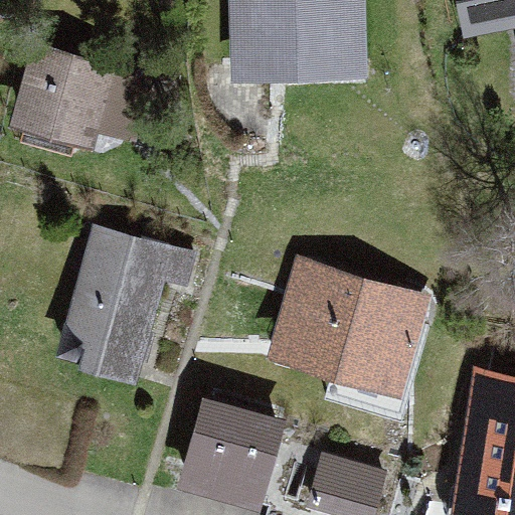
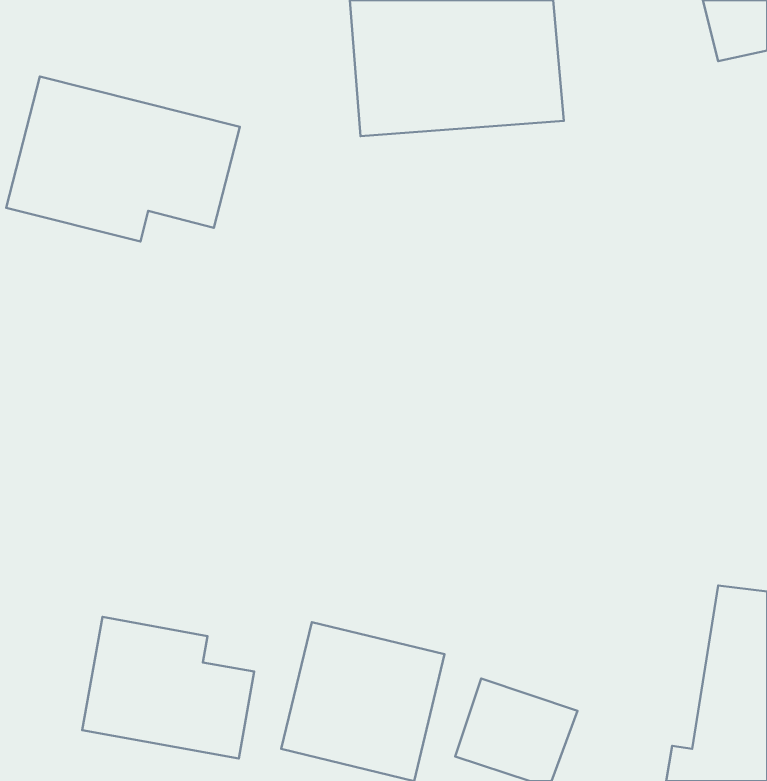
building: [72,238,162,378] -> none
building: [260,248,425,391] -> none
building: none -> [82,617,254,758]

